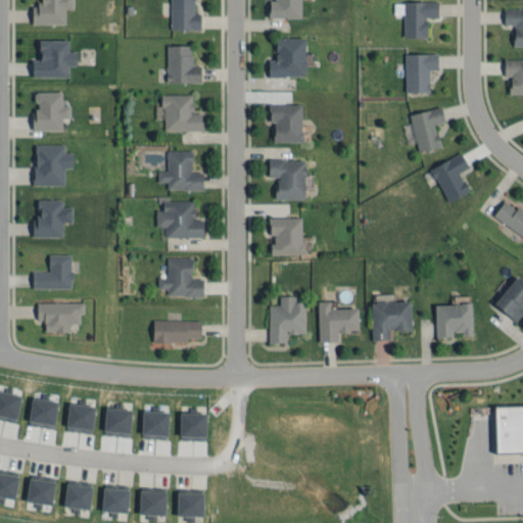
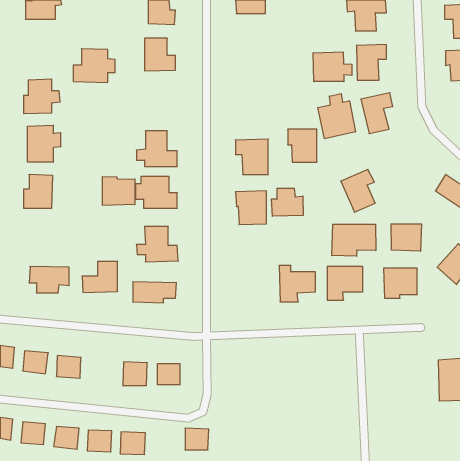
building: [270,39,307,78] -> none
building: [32,41,79,79] -> [73,49,115,82]
building: none -> [313,52,352,82]
building: [164,95,204,132] -> none
building: [271,106,303,143] -> [288,129,317,162]
building: none -> [318,94,355,139]
building: [432,155,471,203] -> [341,169,375,212]
building: none -> [103,177,135,205]
building: none -> [271,188,303,216]
building: [33,255,73,290] -> [82,261,118,292]
building: none -> [391,224,421,251]
building: none -> [332,224,376,256]
building: [270,297,306,345] -> none
building: [106,409,133,433] -> none
building: [179,491,205,516] -> [185,428,209,450]

